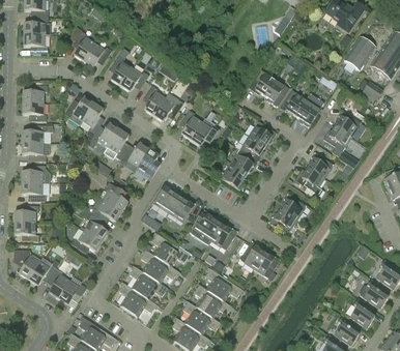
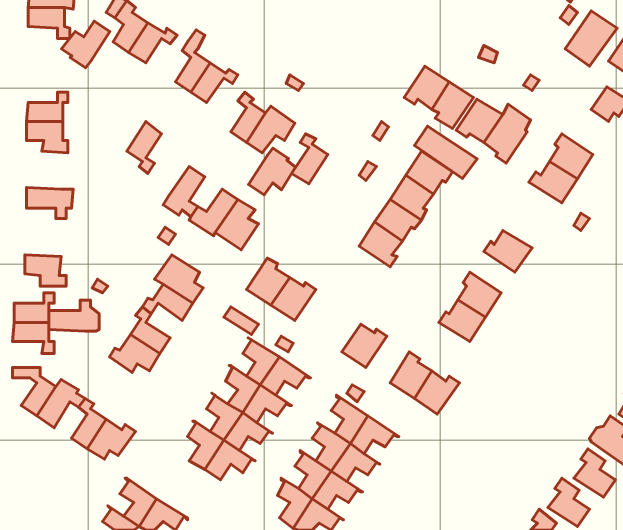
building: [64,96,93,124] -> [61,21,110,68]
building: none -> [414,126,477,178]
building: [191,118,219,146] -> [249,148,295,195]
building: [87,123,119,148] -> none
building: [22,124,53,143] -> none
building: [307,151,334,178] -> none
building: [21,165,51,183] -> [49,300,99,331]
building: [189,209,222,244] -> none

